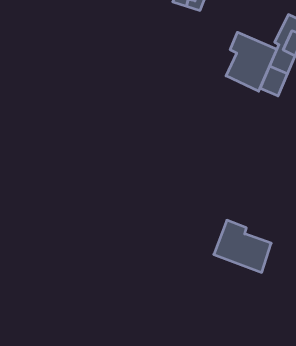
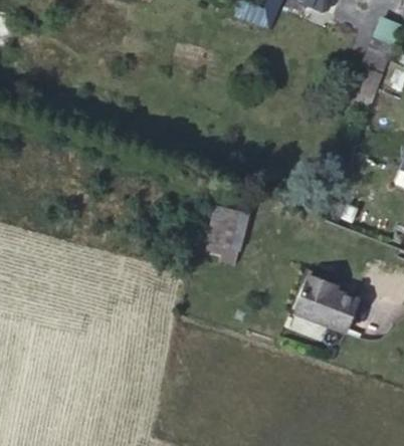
building: [226,32,277,91] -> none
building: none -> [202,208,245,254]

